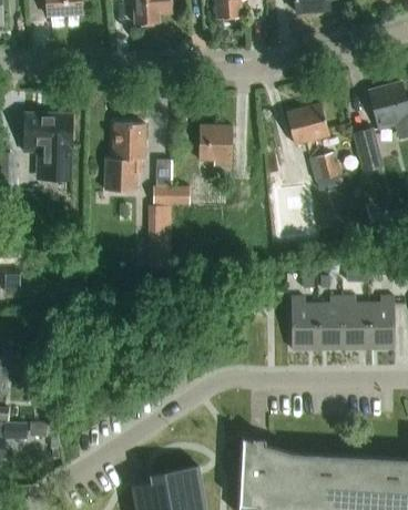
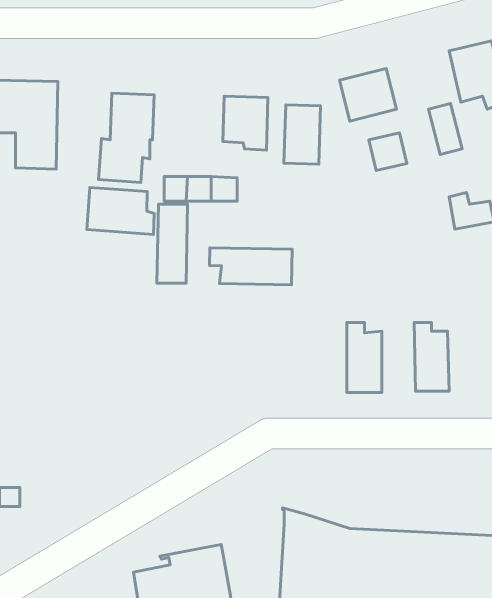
building: none -> [284,105,321,164]
building: none -> [87,188,154,234]
building: none -> [210,248,292,285]
building: [368,296,395,349] -> none
building: [318,297,344,350] -> none

